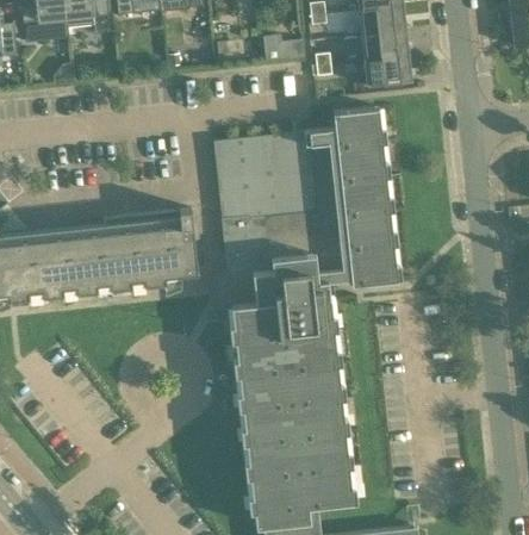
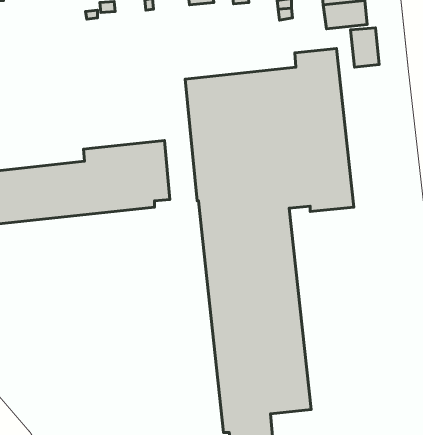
building: none -> [350,28,379,67]

